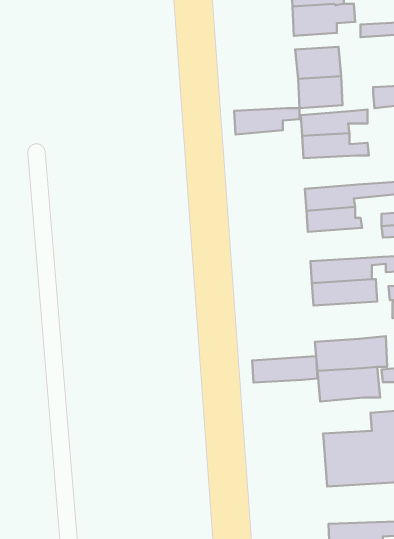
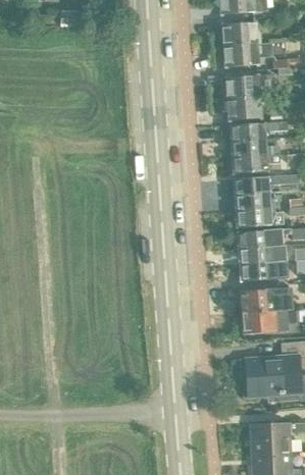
building: [234,108,299,134] -> [231,154,278,173]
building: none -> [234,207,283,226]
building: [252,356,318,383] -> [238,261,286,280]

